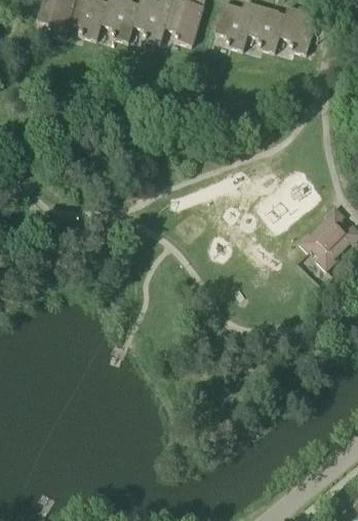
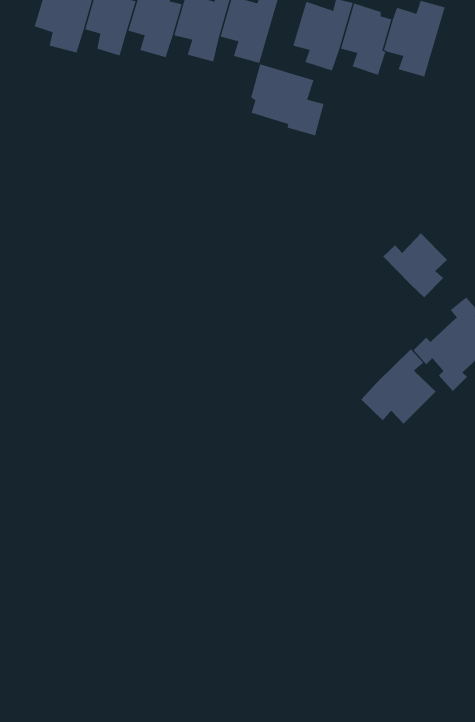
building: none -> [250,64,324,136]
building: none -> [382,233,448,298]
building: none -> [360,348,437,424]

